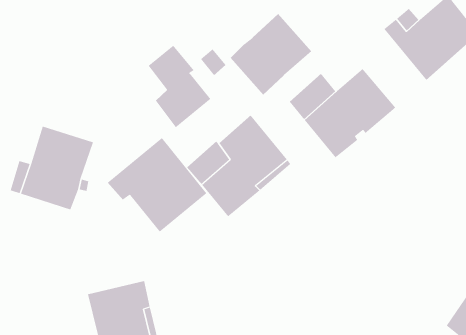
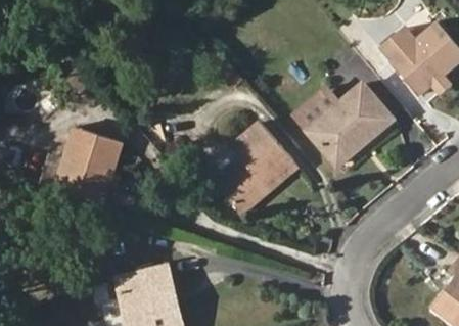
building: [230,13,312,95] -> none
building: [148,45,211,128] -> none
building: [107,137,207,233] -> none

